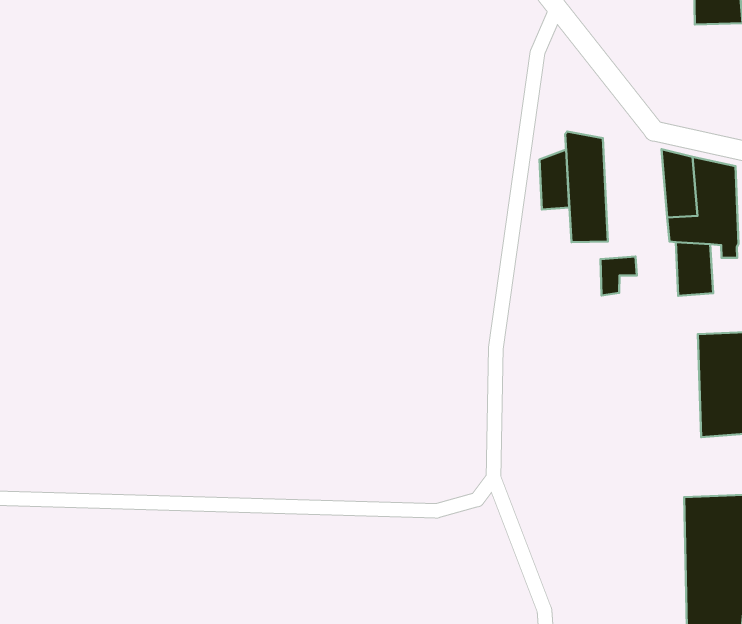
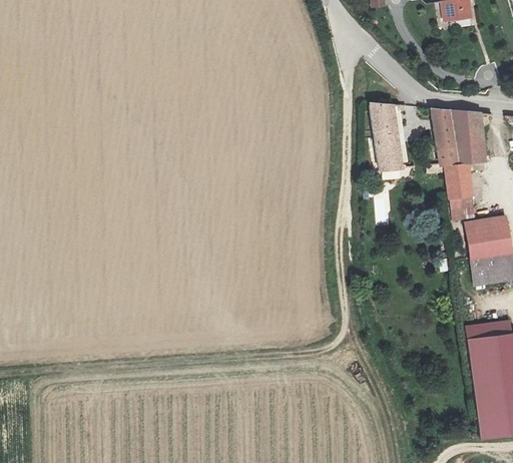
building: [539,149,569,209] -> none
building: [601,257,637,296] -> [450,194,474,221]

